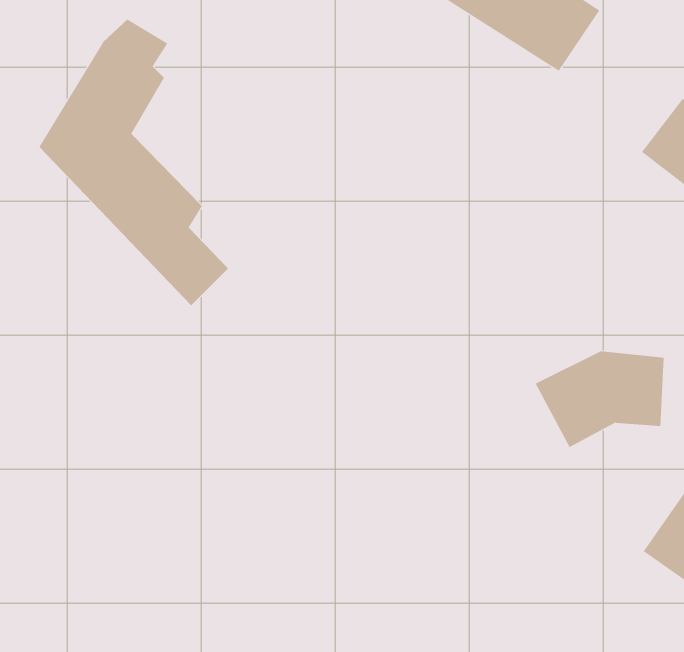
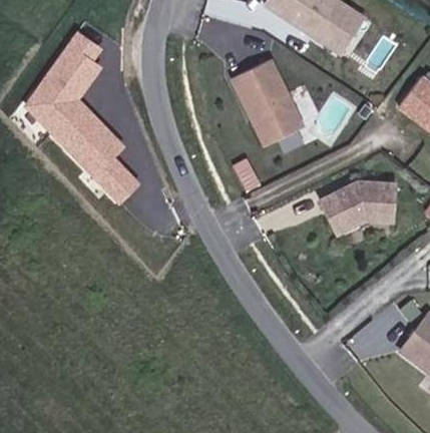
building: none -> [226,58,306,149]
building: [535,351,665,448] -> [316,177,395,237]

